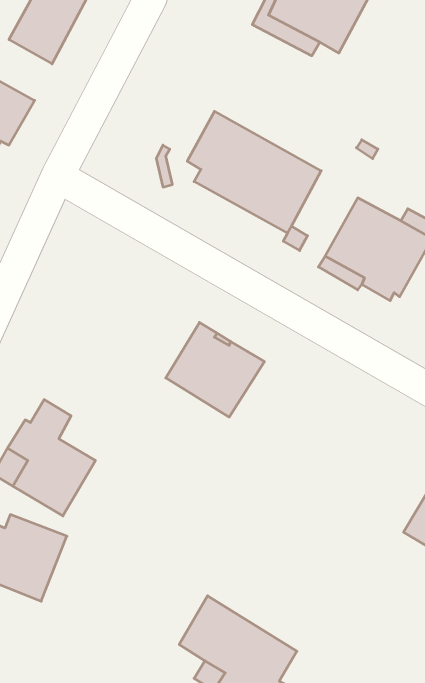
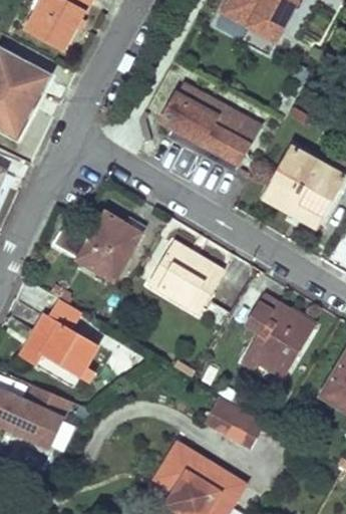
building: none -> [52,212,141,280]
building: none -> [244,294,316,376]
building: none -> [210,399,260,446]

